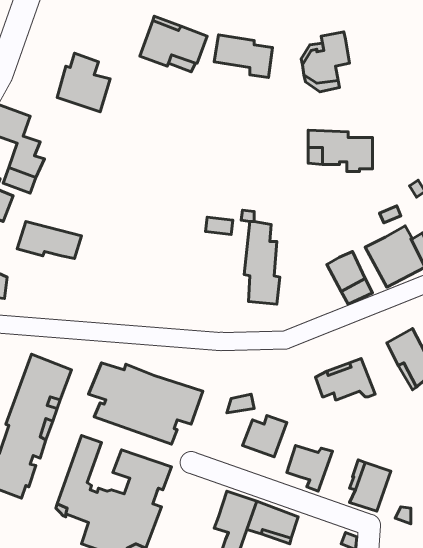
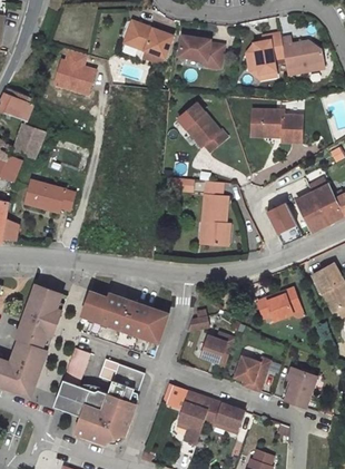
building: none -> [280,37,324,75]
building: none -> [178,104,227,152]
building: none -> [161,384,188,411]

